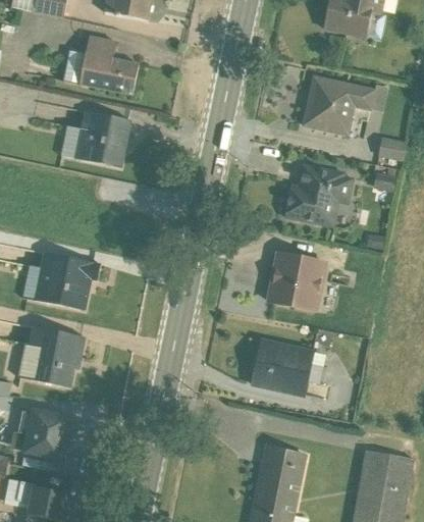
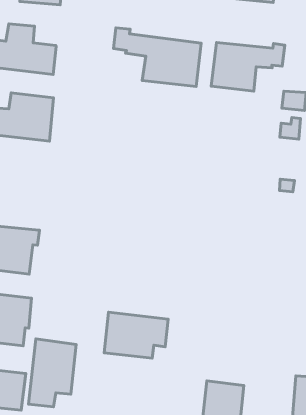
building: none -> [114,28,201,86]
building: [284,165,354,226] -> none
building: [267,252,327,310] -> none
building: [252,340,325,395] -> [104,312,168,358]
building: none -> [29,339,76,407]

